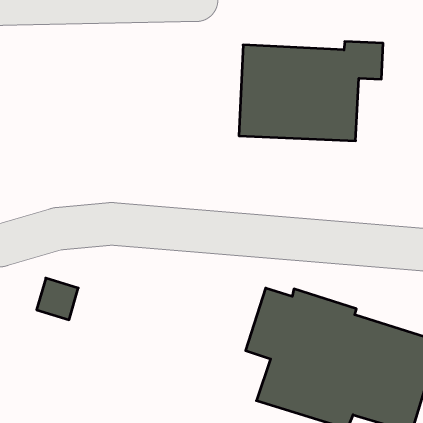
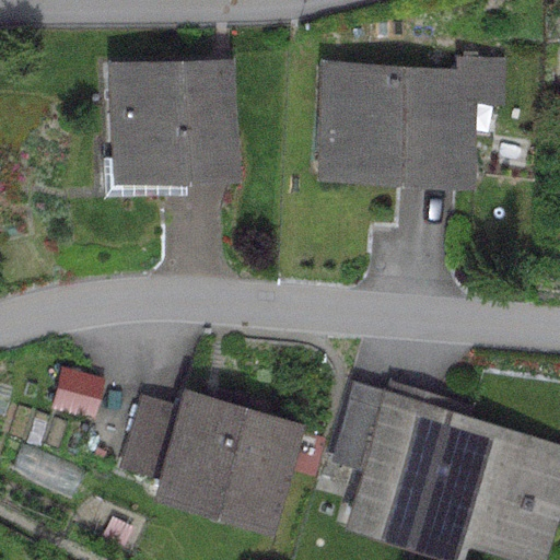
building: none -> [109,59,236,184]
building: none -> [124,389,325,536]

